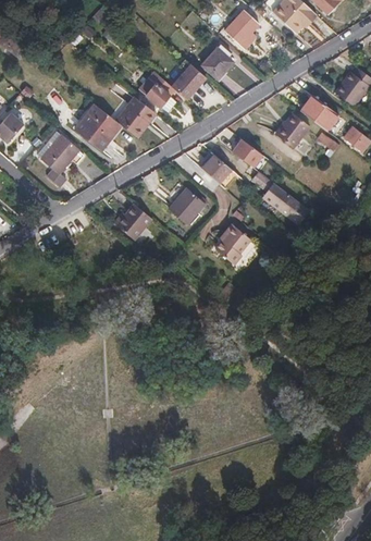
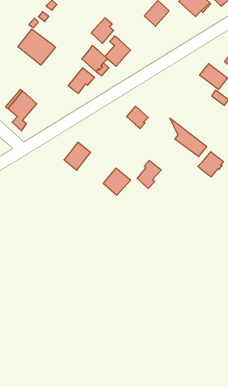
building: [202,45,233,79] -> [91,18,114,43]
building: [73,102,124,151] -> [18,29,56,65]
building: [275,112,308,147] -> none
building: [231,137,261,167] -> none
building: [169,187,206,224] -> [103,168,130,195]
building: none -> [198,152,223,177]

